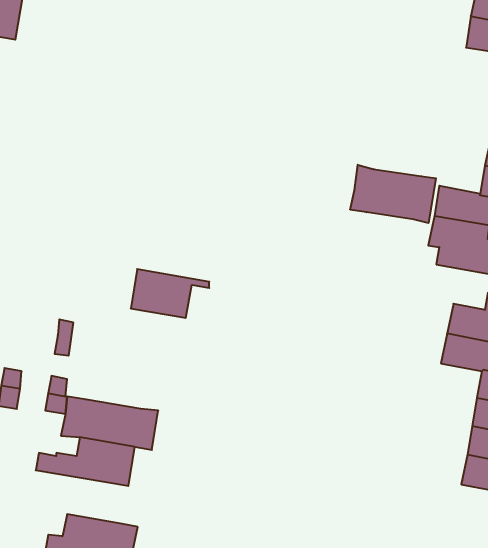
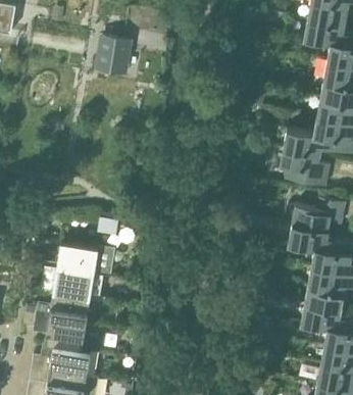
building: none -> [98,37,128,73]
building: [350,165,436,223] -> none
building: [131,269,209,318] -> [57,243,108,275]
building: none -> [22,314,85,349]

